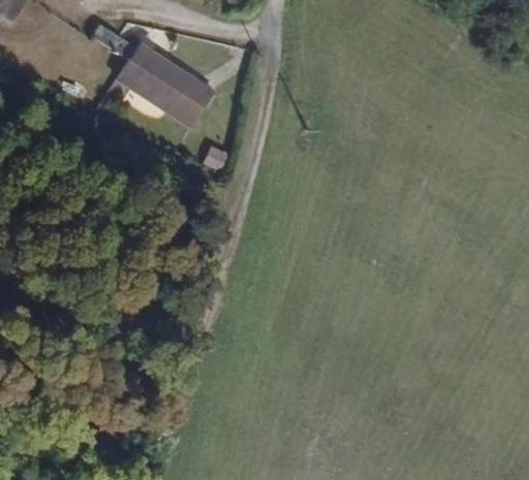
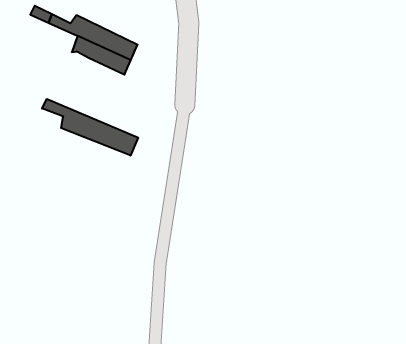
building: none -> [42,99,138,156]

